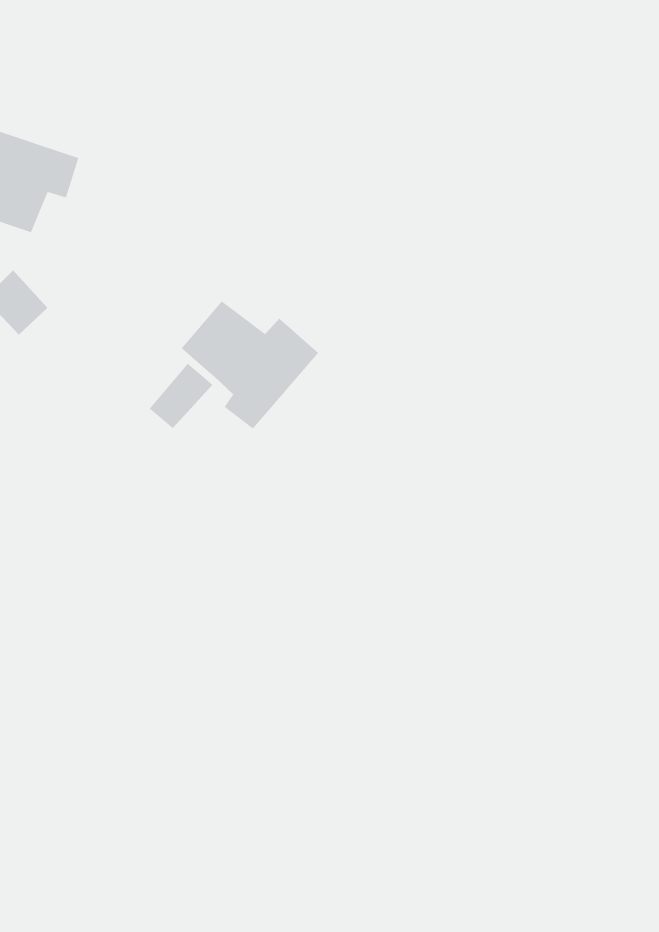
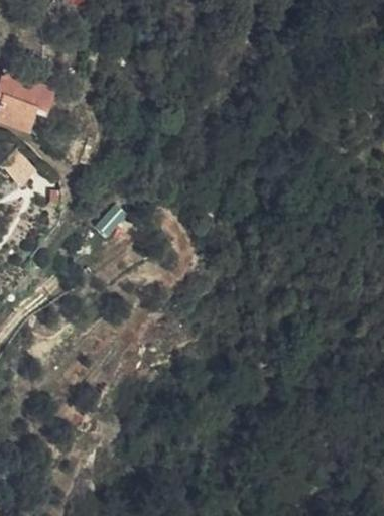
building: [181,301,319,430] -> none

